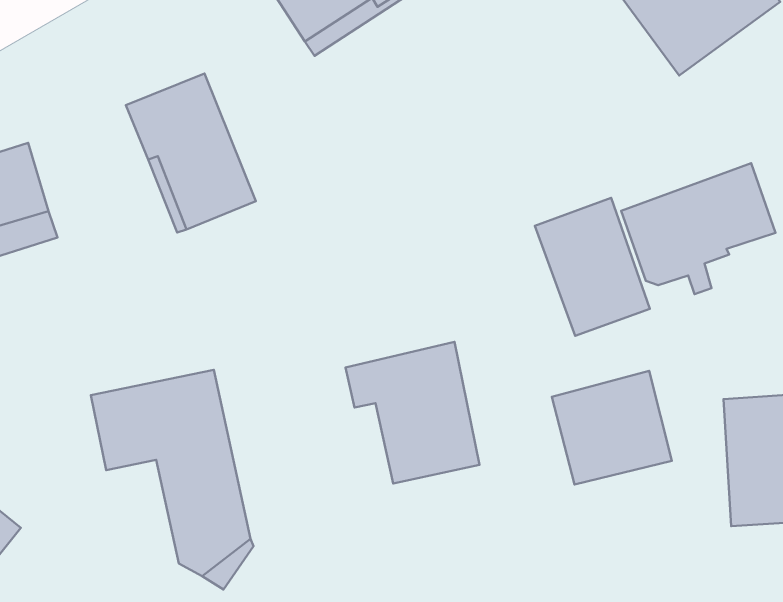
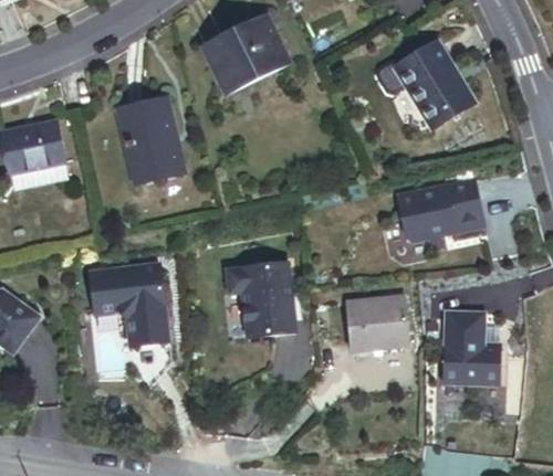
building: [535,198,650,336] -> none

